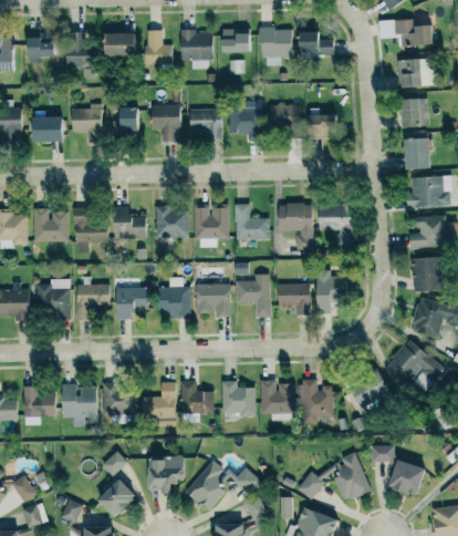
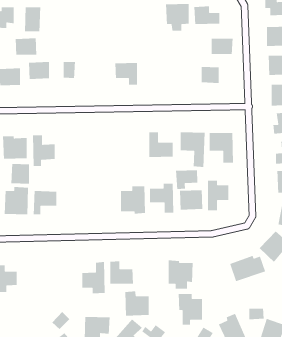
building: [180,29,212,70] -> none
building: [145,30,173,64] -> none
building: [220,30,251,52] -> none
building: [102,32,133,56] -> [15,38,37,55]
building: [150,105,180,142] -> none
building: [269,105,300,128] -> [211,38,233,55]
building: [229,109,260,135] -> none
building: [194,205,228,247] -> none
building: [156,206,188,238] -> none
building: [113,207,146,241] -> none
building: none -> [11,163,30,185]
building: none -> [175,170,198,190]
building: [157,278,191,318] -> none
building: [115,288,148,319] -> none
building: [299,380,333,424] -> [178,293,203,325]
building: [221,381,256,416] -> [125,291,150,316]
building: [104,383,138,418] -> none
building: [62,384,97,426] -> none

